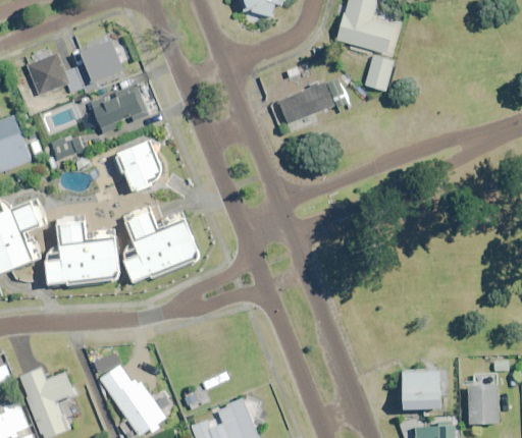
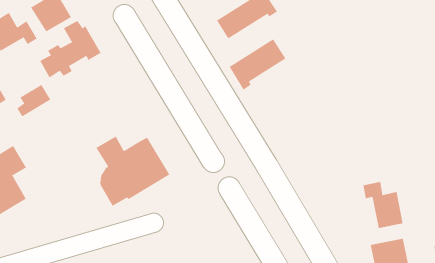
building: none -> [229,38,286,90]
building: [116,140,161,193] -> none
building: [45,215,119,285] -> none
building: none -> [363,181,403,229]

